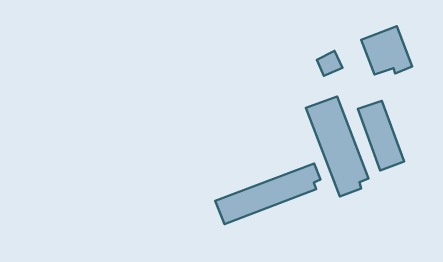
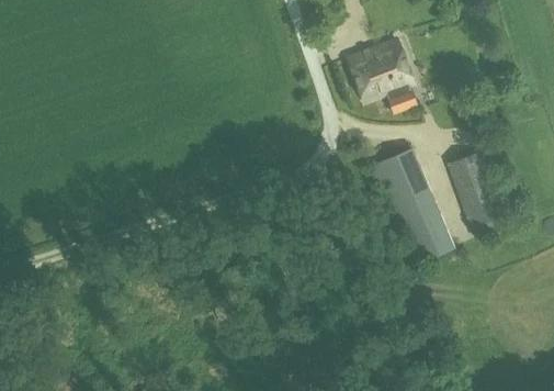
building: [361,26,412,75] -> [348,41,410,100]
building: [215,163,320,224] -> none

